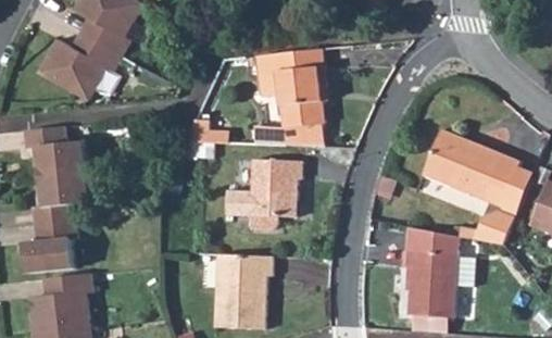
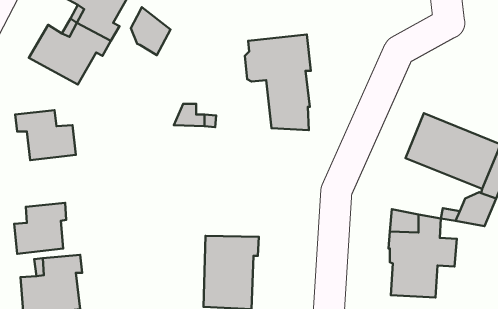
building: none -> [131,7,171,55]
building: [226,160,301,229] -> none
building: [32,172,89,225] -> none

